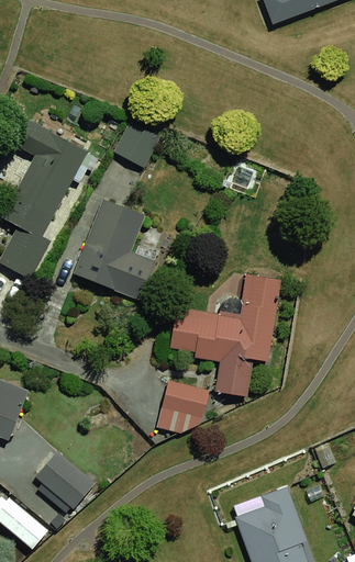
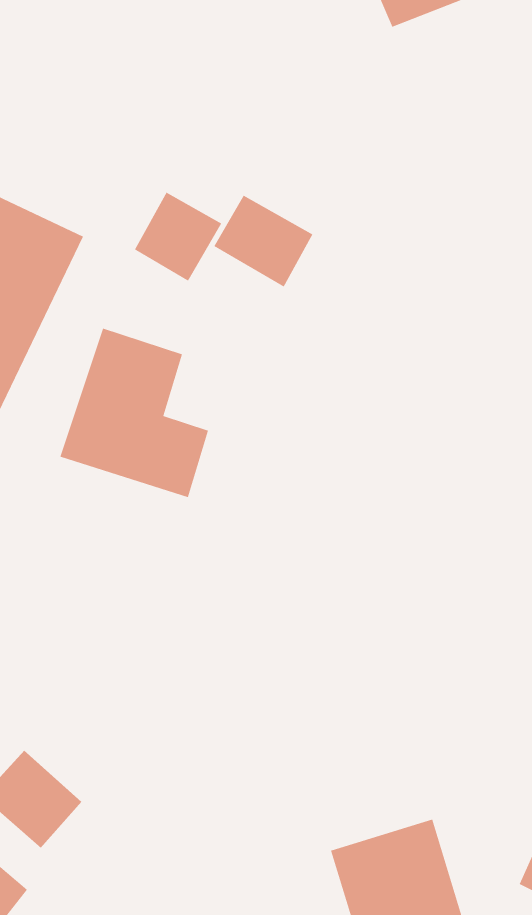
building: none -> [213,195,313,288]
building: [173,266,281,393] -> none
building: [158,382,211,436] -> none

